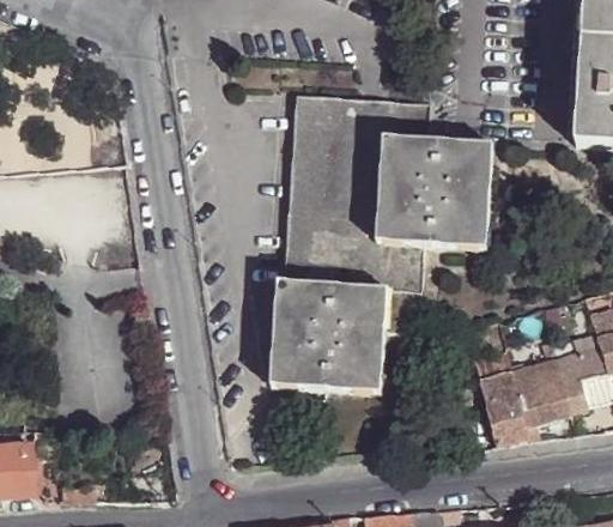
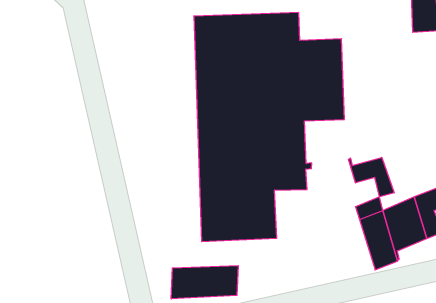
building: none -> [348,157,394,197]
building: none -> [171,266,238,299]

